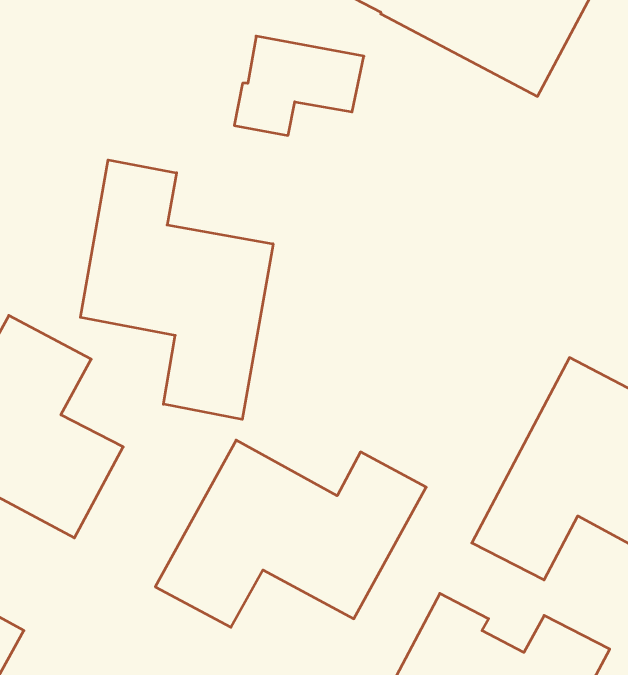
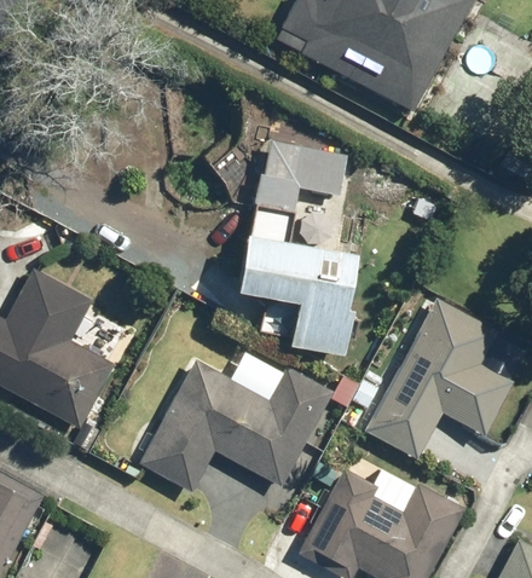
building: [234,36,364,135] -> [254,140,347,212]
building: [80,160,273,419] -> none
building: none -> [236,235,355,354]

